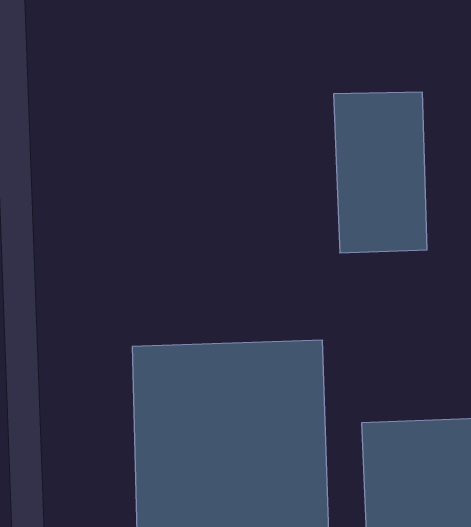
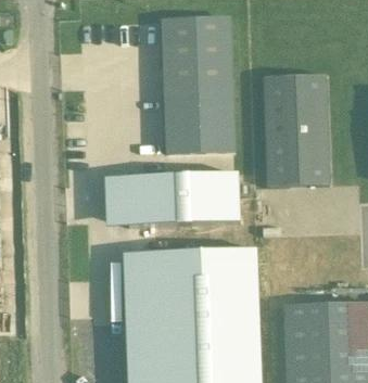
building: none -> [163,17,232,153]
building: none -> [104,173,239,227]

